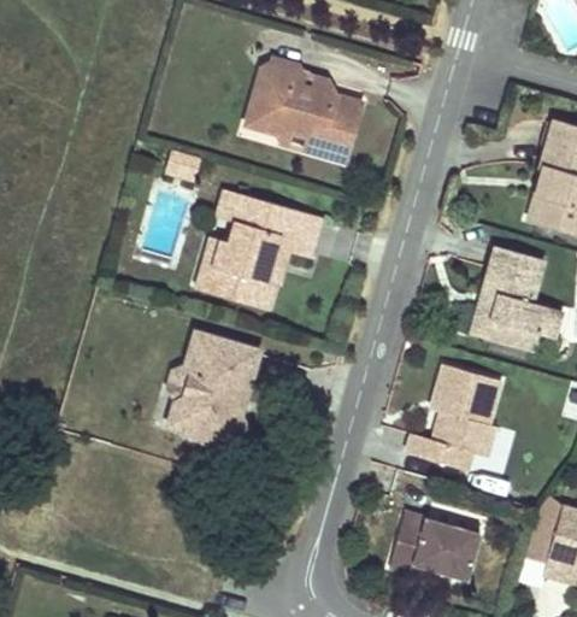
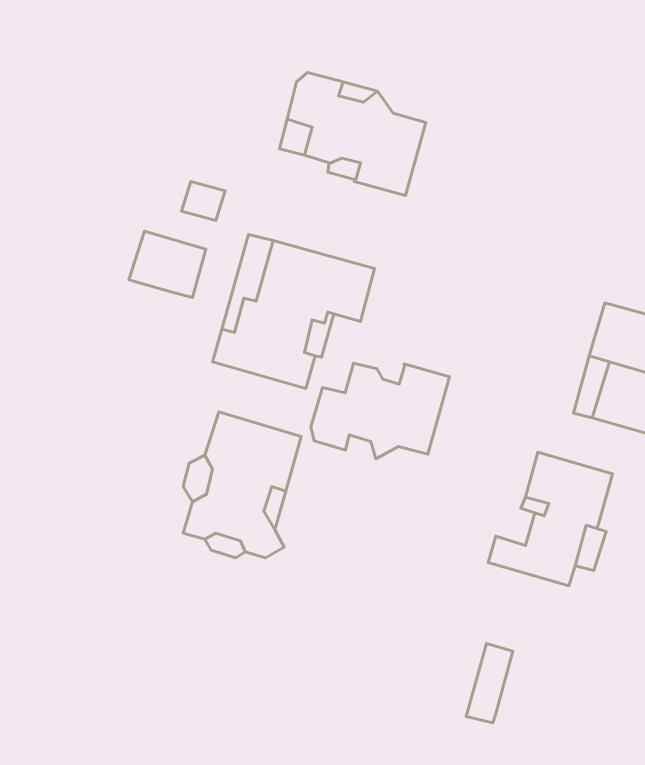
building: none -> [129,231,206,297]
building: none -> [311,363,450,459]
building: [411,515,478,577] -> none

